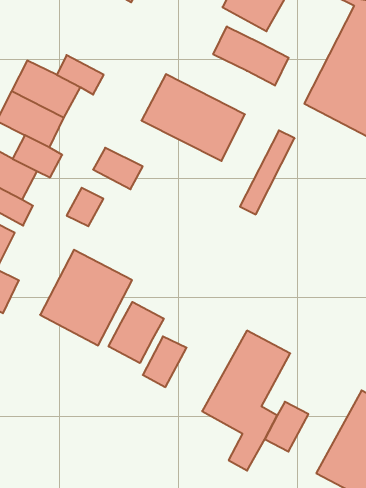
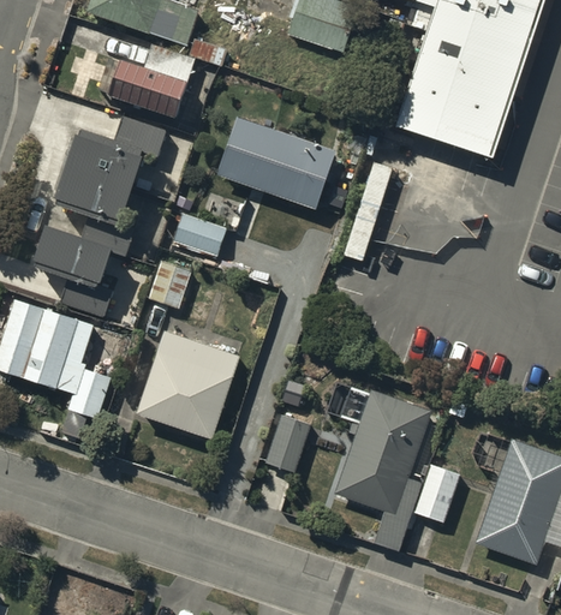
building: none -> [111,60,186,117]
building: [213,26,289,86] -> none
building: [109,302,164,363] -> none

